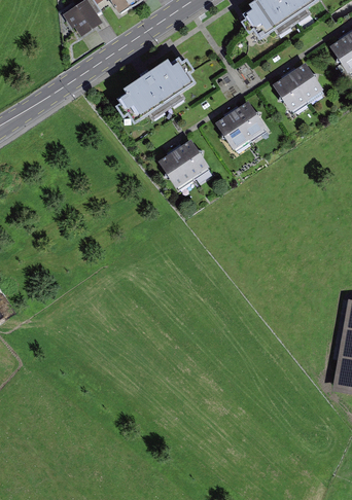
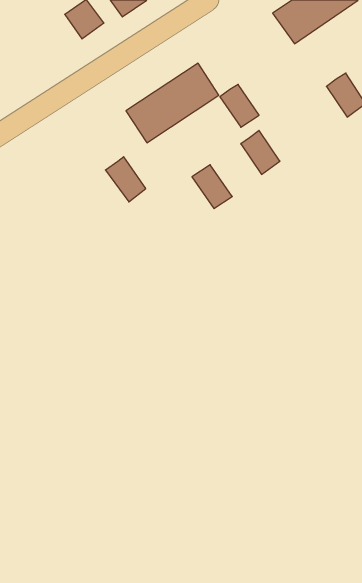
building: [272,74,306,110] -> none
building: [232,101,265,137] -> [220,84,259,127]
building: [160,150,193,188] -> [105,157,146,202]

